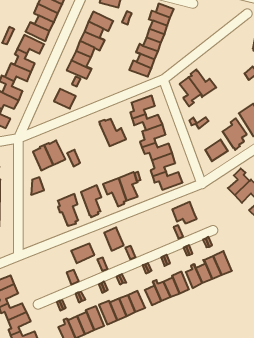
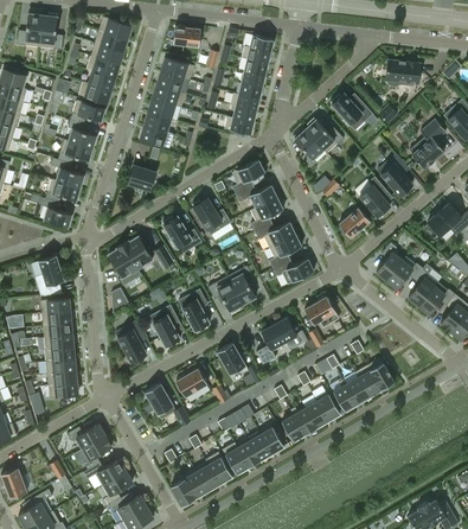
building: none -> [329,94,372,130]
building: none -> [162,216,201,254]
building: none -> [115,321,146,363]
building: none -> [256,318,307,365]
building: none -> [142,383,173,415]

